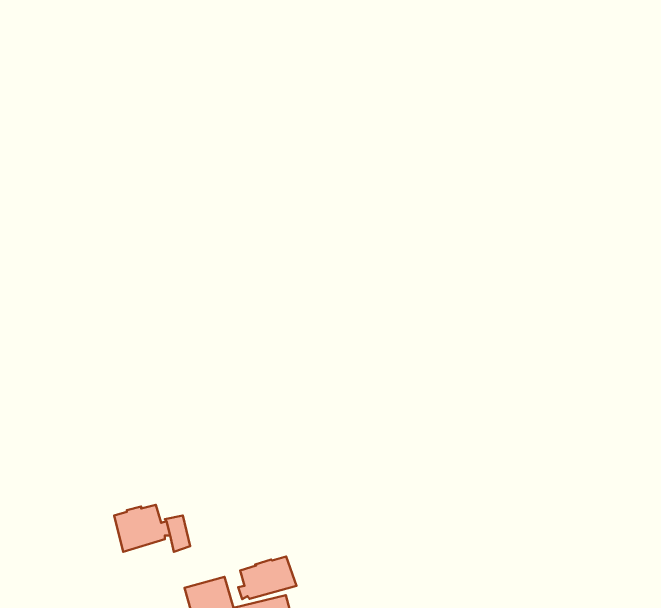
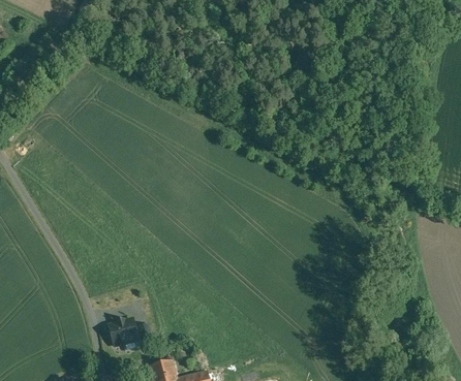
building: [238,557,296,599] -> none

